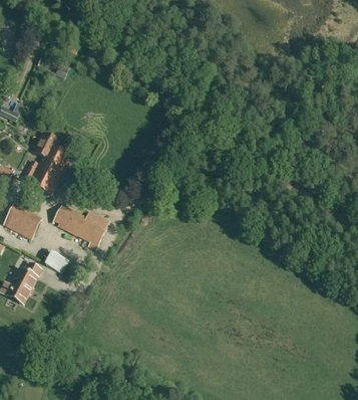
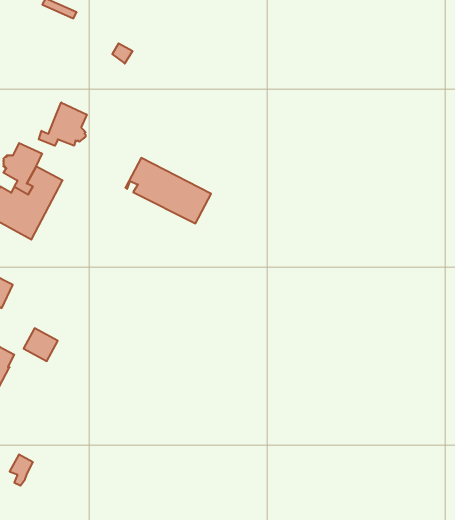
building: none -> [39,102,87,146]
building: [52,202,107,244] -> [125,158,211,223]

